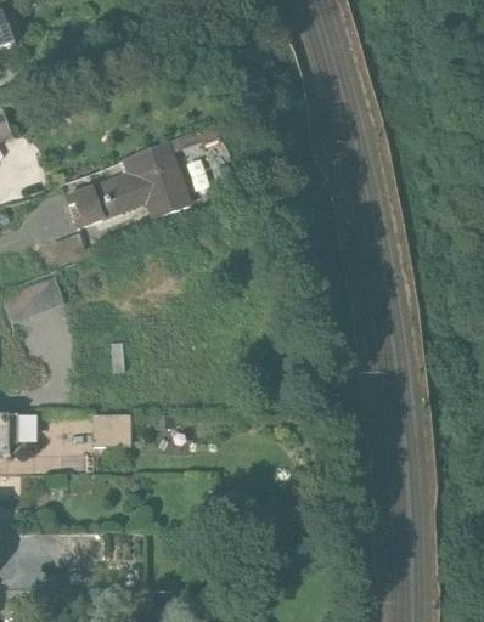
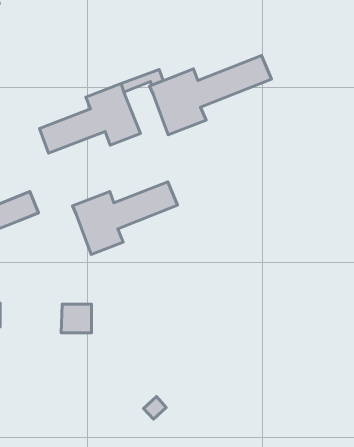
building: none -> [150,56,271,135]
building: none -> [72,182,178,255]

